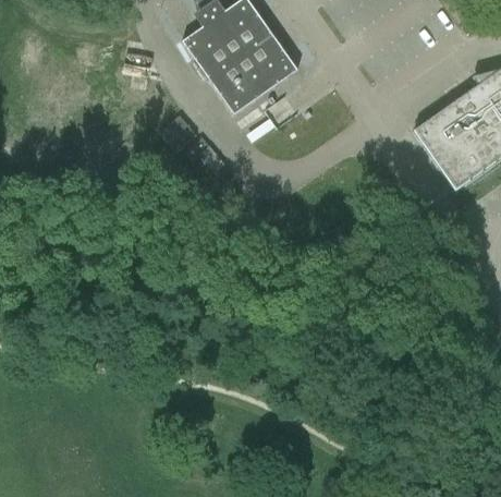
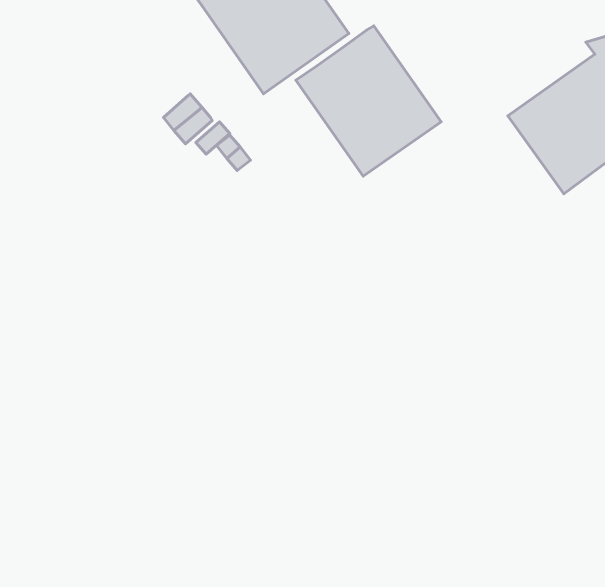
building: none -> [296,26,441,176]

